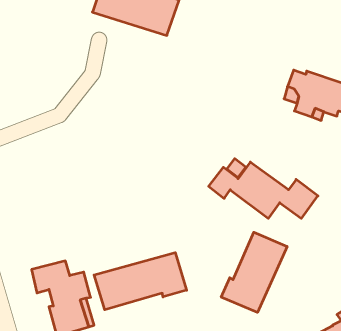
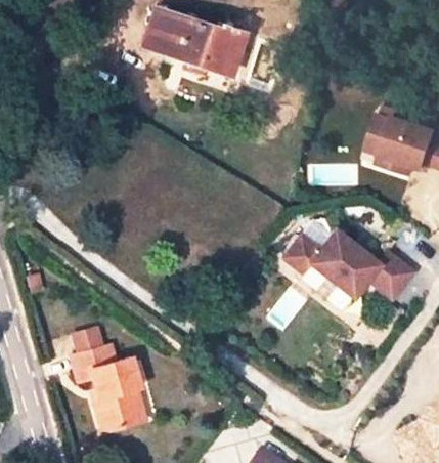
building: [221,232,287,312] -> none
building: [94,253,187,310] -> none

